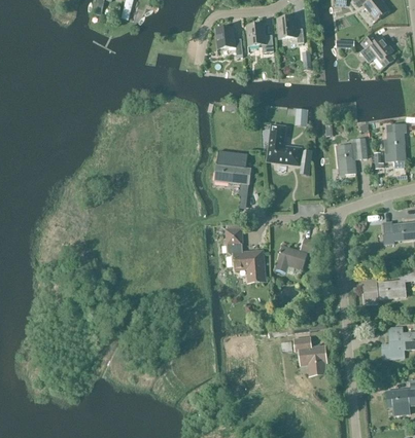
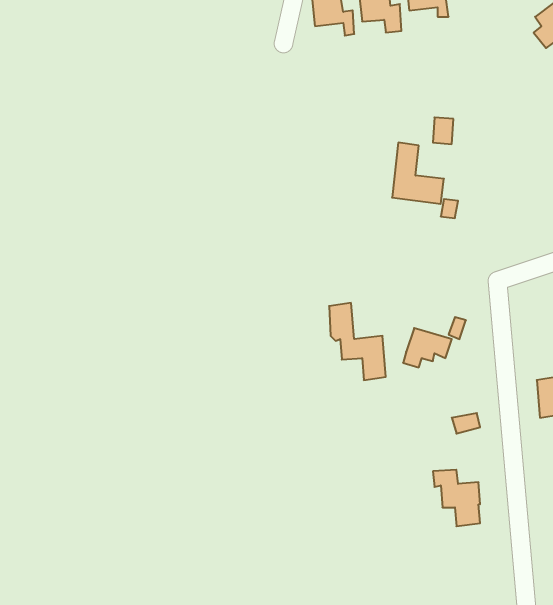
building: [337,138,367,174] -> none
building: [214,150,251,210] -> none

